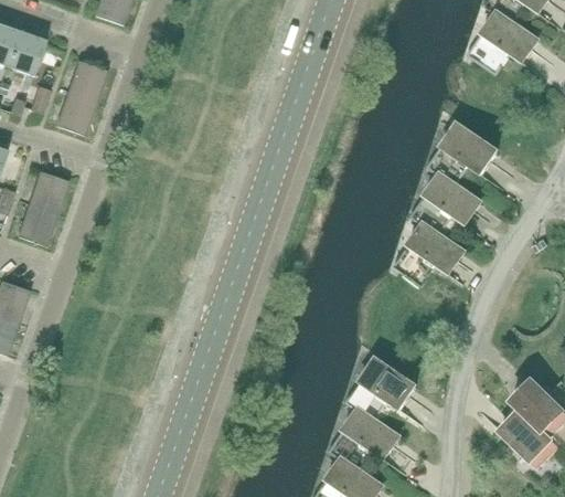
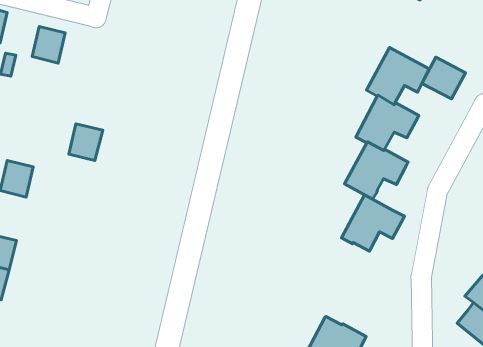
building: [56,92,95,134] -> none
building: none -> [422,57,465,99]
building: [29,170,68,212] -> [69,124,103,160]
building: [345,357,416,419] -> [342,195,404,251]

